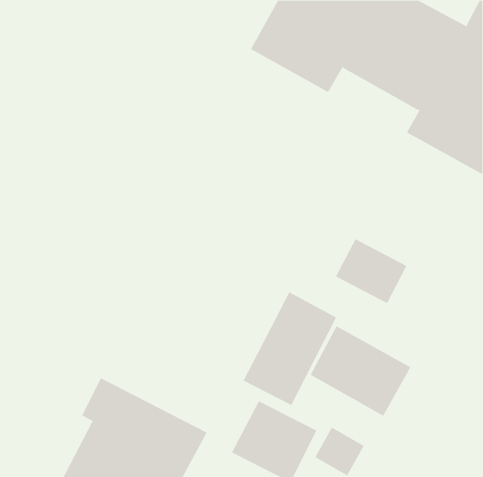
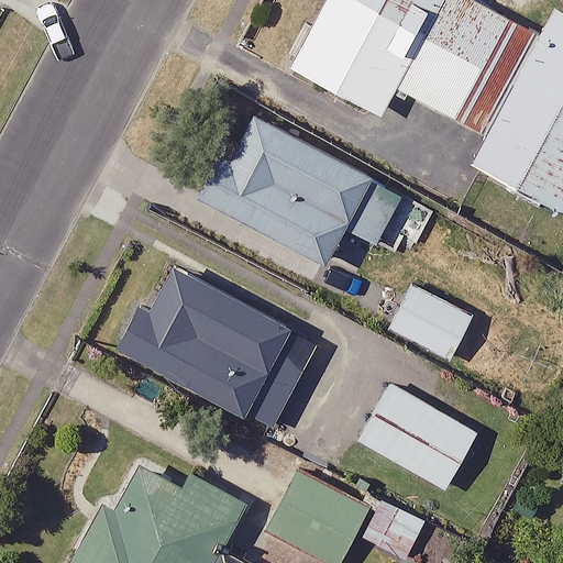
building: none -> [198,111,402,262]
building: none -> [115,256,305,428]
building: [243,291,337,406] -> none

